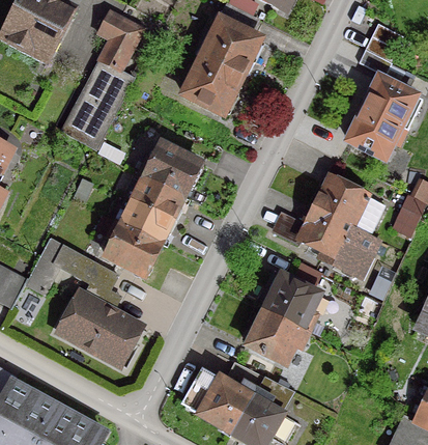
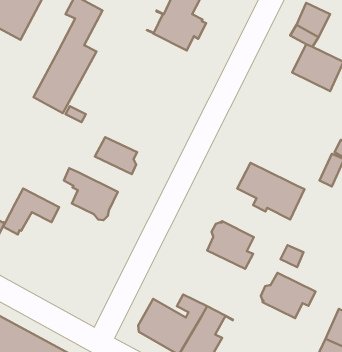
building: [182,56,239,113] -> none
building: [345,102,407,160] -> none
building: [136,144,201,195] -> none
building: [314,177,383,234] -> none
building: [113,200,175,242] -> none
building: [57,293,140,364] -> none
building: [244,310,308,363] -> [261,273,316,318]

